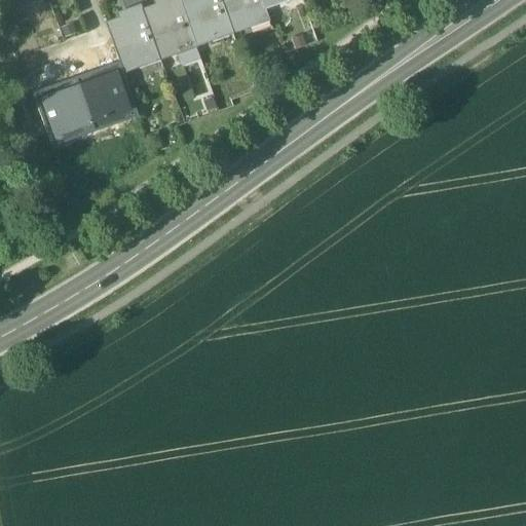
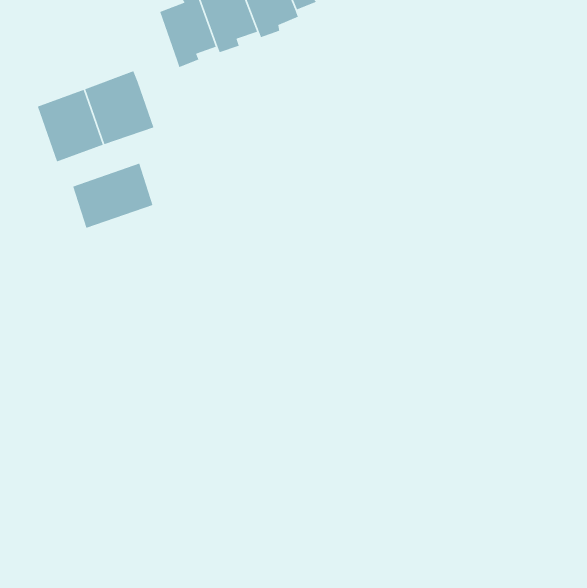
building: [107,5,159,73] -> none
building: none -> [72,163,154,229]

